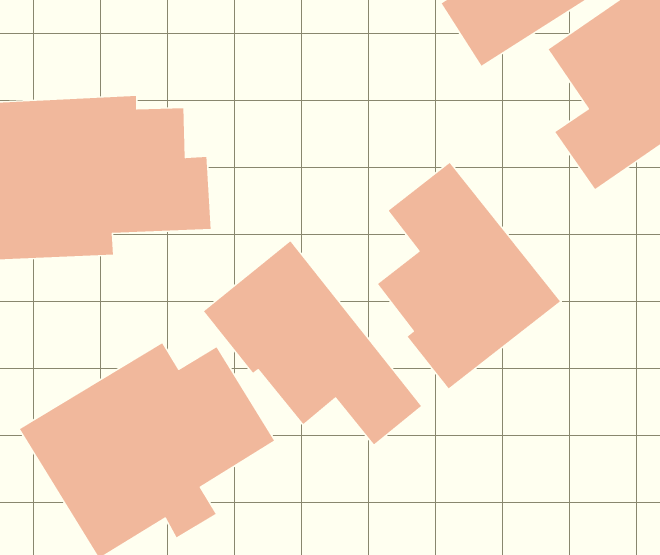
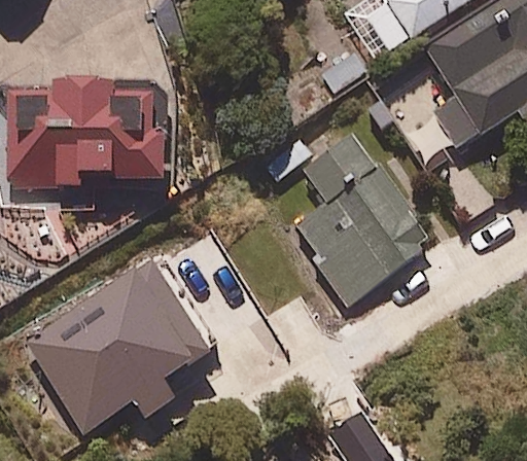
building: [203,240,422,445] -> none

